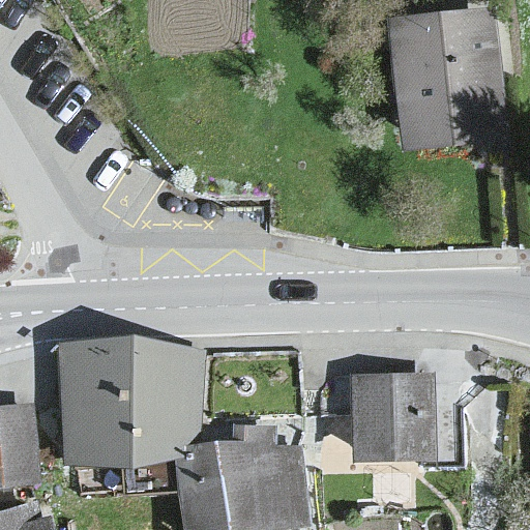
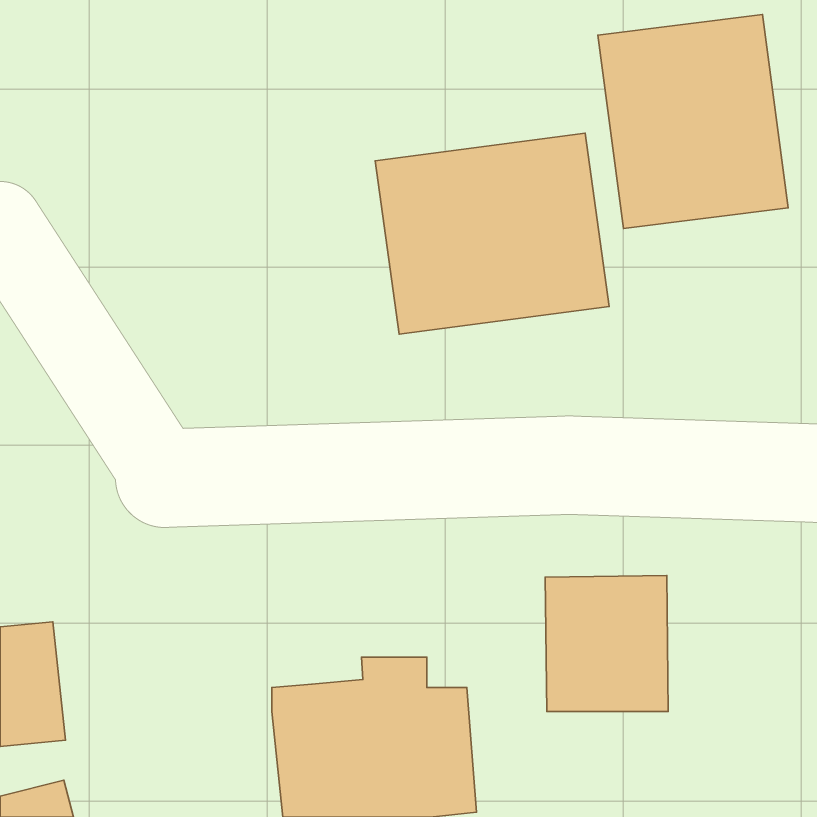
building: none -> [375,133,609,334]
building: [58,349,206,465] -> none

